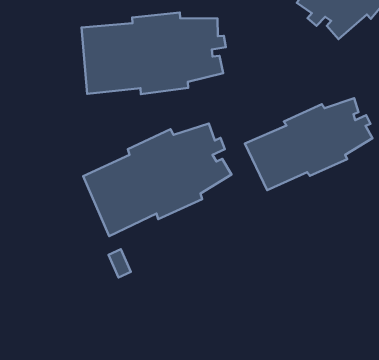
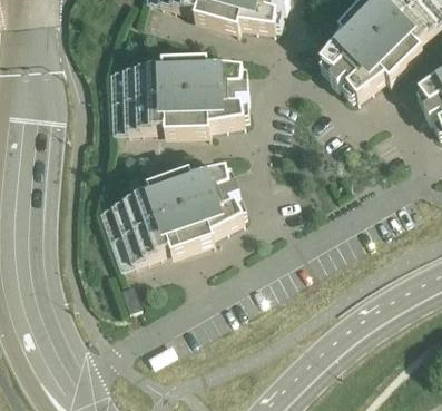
building: [245,98,373,190] -> none

